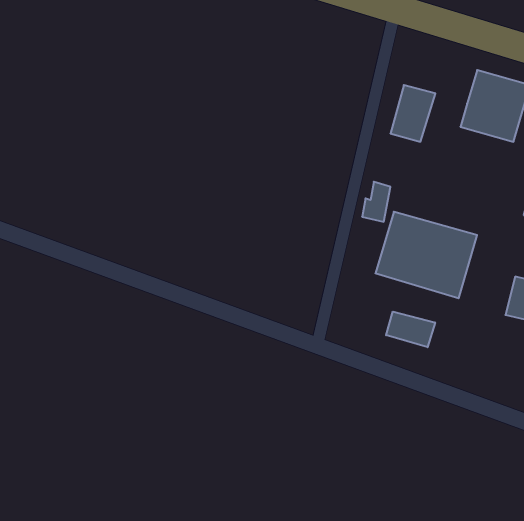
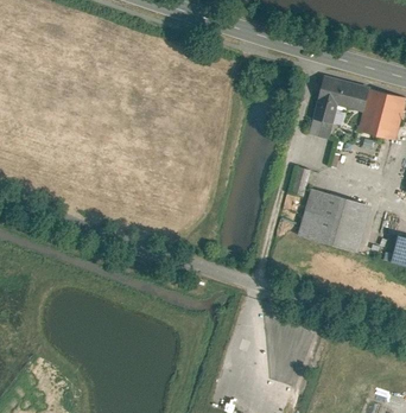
building: none -> [317,75,369,112]
building: [386,312,435,347] -> none

